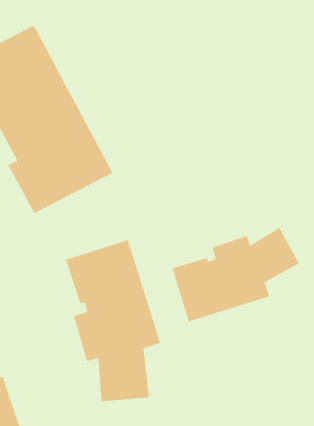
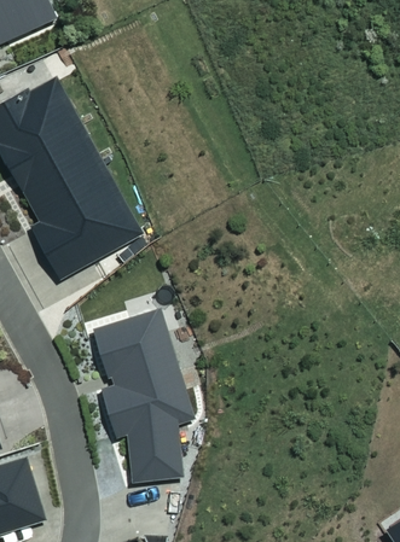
building: [172,227,299,322] -> none

